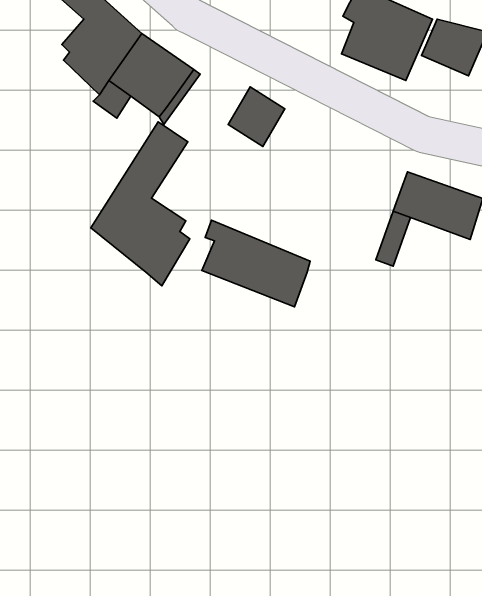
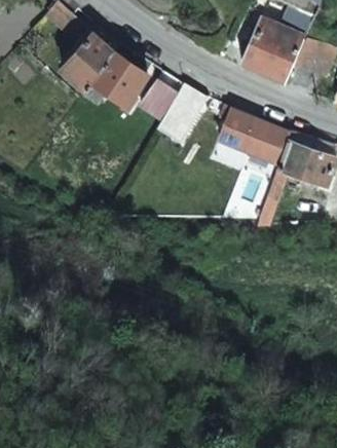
building: none -> [140,80,180,121]
building: [91,122,190,286] -> none
building: [202,220,310,307] -> [218,107,289,163]

